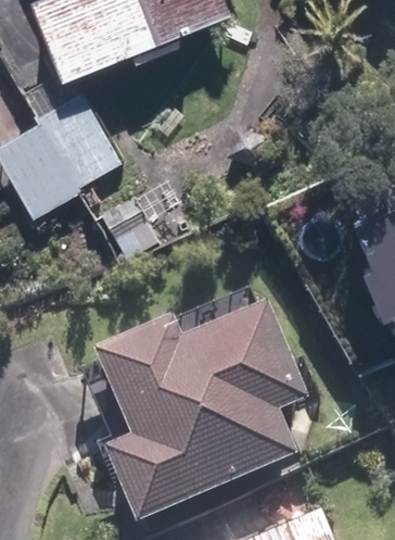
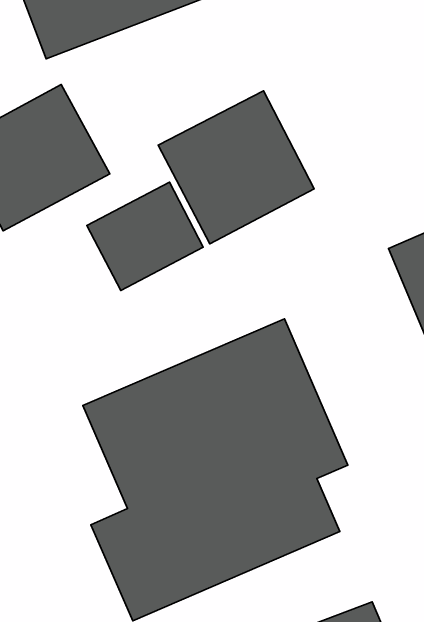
building: none -> [158,91,314,244]

